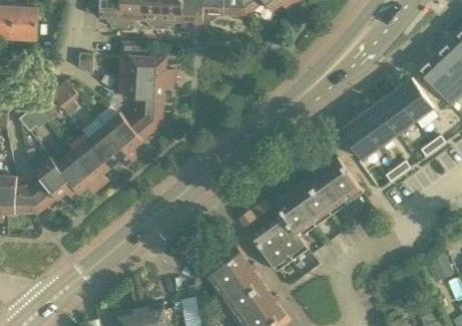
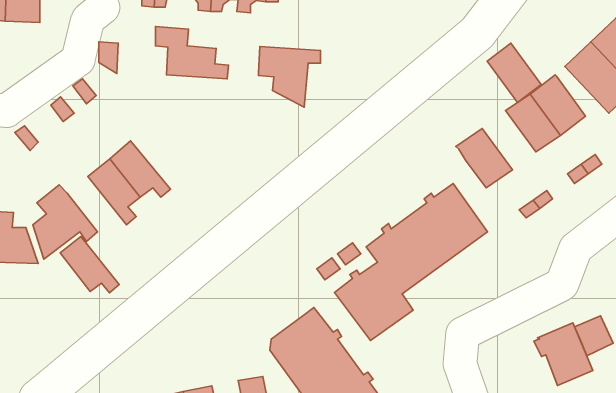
building: [127,77,172,121] -> [259,46,321,107]
building: [358,103,397,146] -> [487,43,541,103]
building: [102,112,157,160] -> none
building: [56,151,99,193] -> [60,236,119,293]
building: none -> [534,323,593,385]

